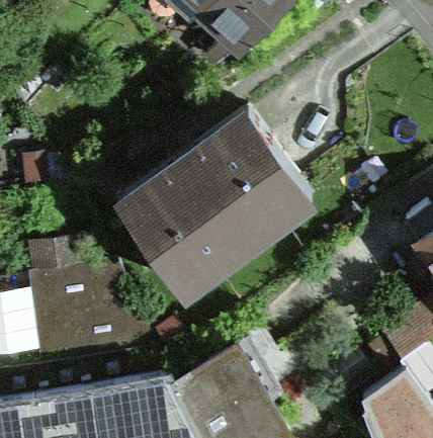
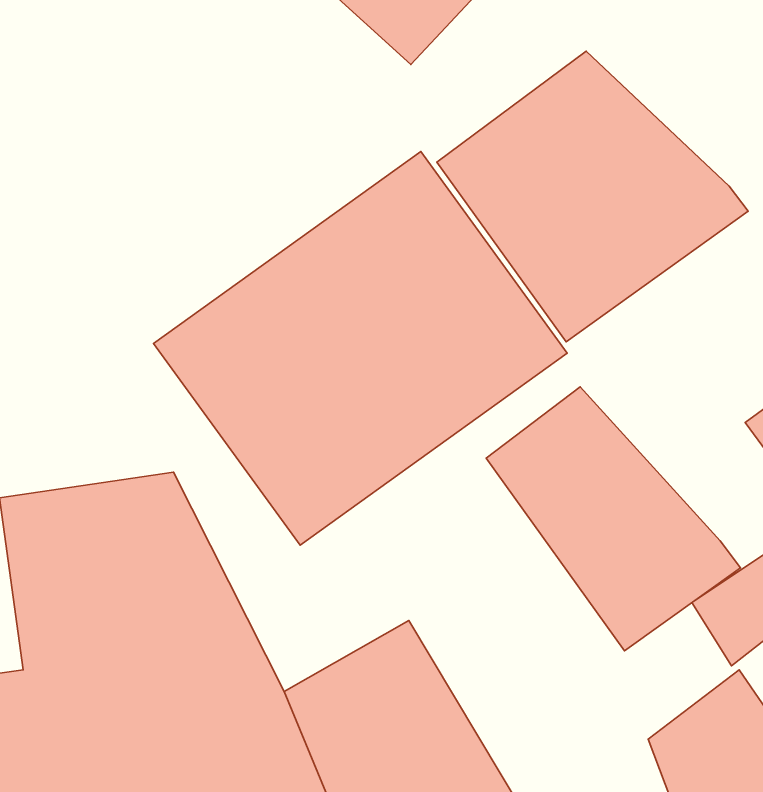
building: none -> [437,51,748,342]
building: none -> [486,387,740,651]

